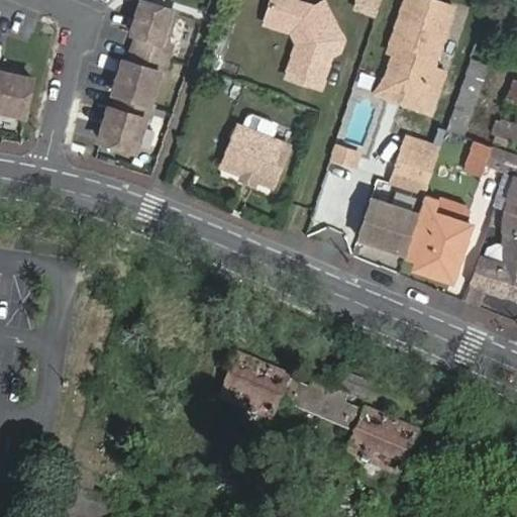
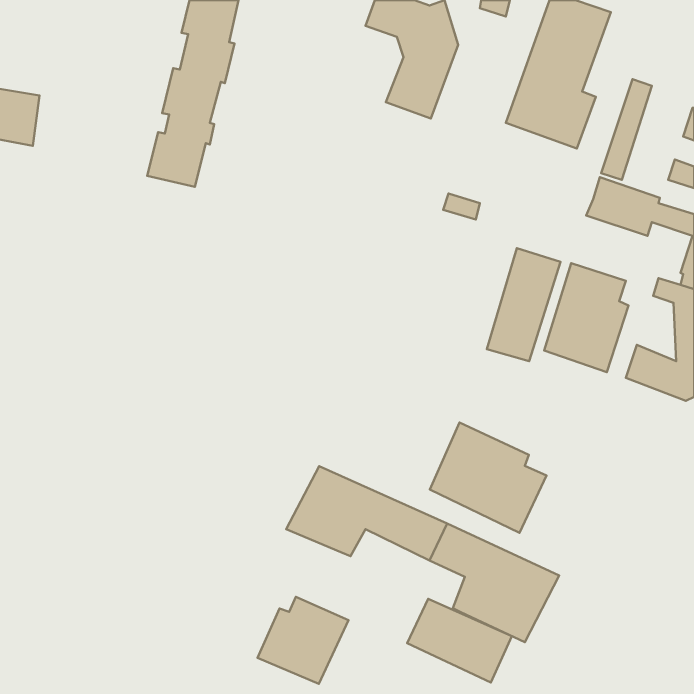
building: [224,113,290,188] -> none
building: [392,138,439,197] -> none
building: none -> [430,423,546,533]
building: none -> [258,597,349,684]
building: none -> [407,599,512,682]

